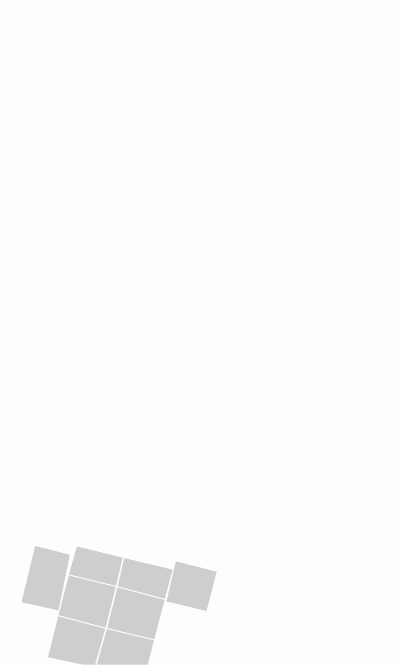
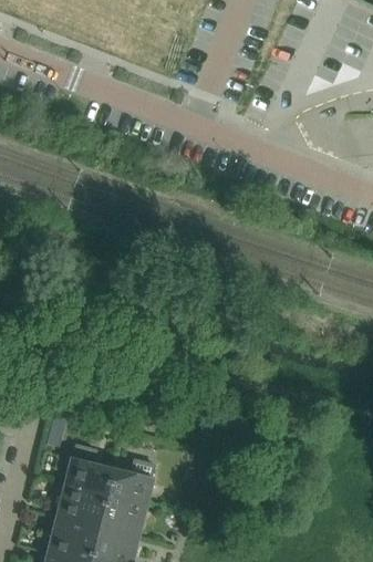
building: [21,545,71,611] -> none
building: [166,561,217,612] -> none

